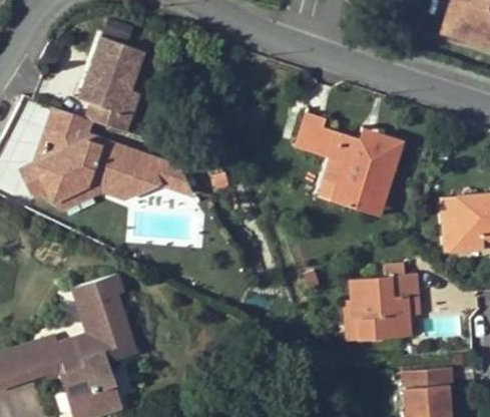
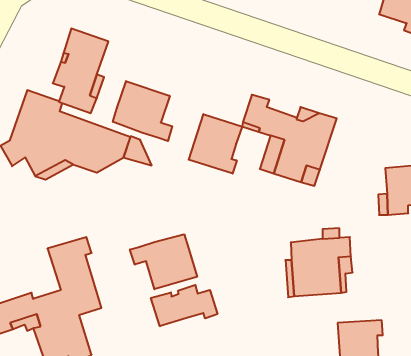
building: none -> [113,81,172,141]
building: none -> [189,114,242,174]
building: none -> [130,234,197,289]
building: none -> [151,285,217,326]

